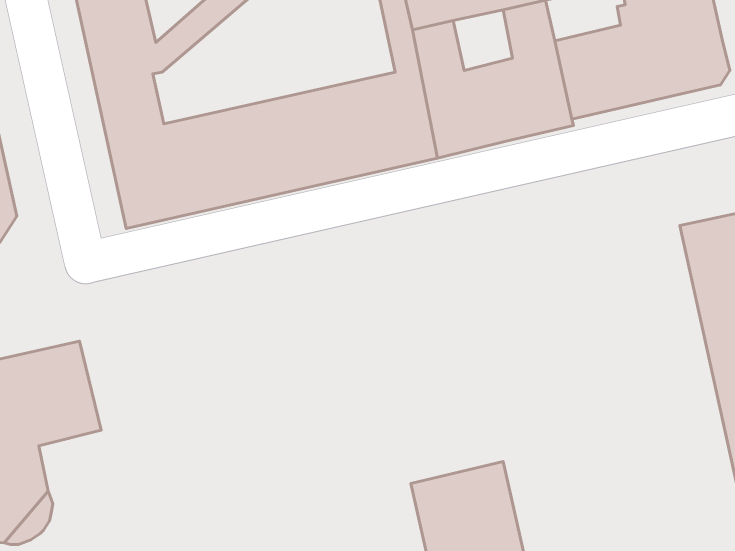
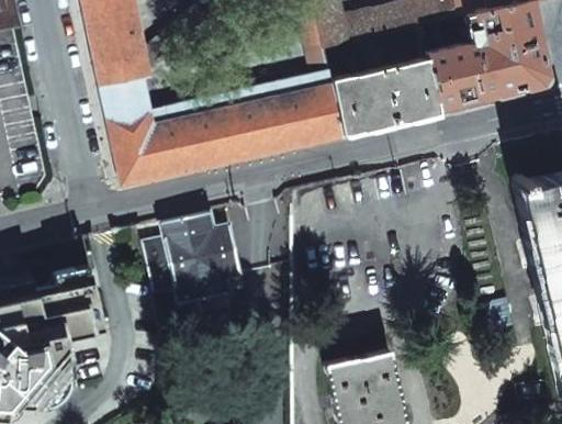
building: none -> [145,213,244,308]

